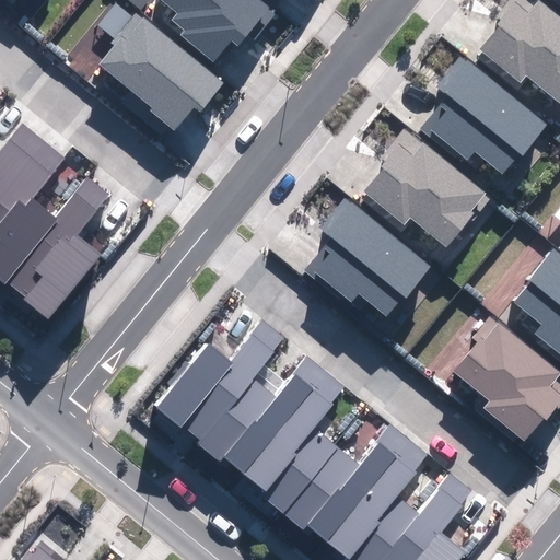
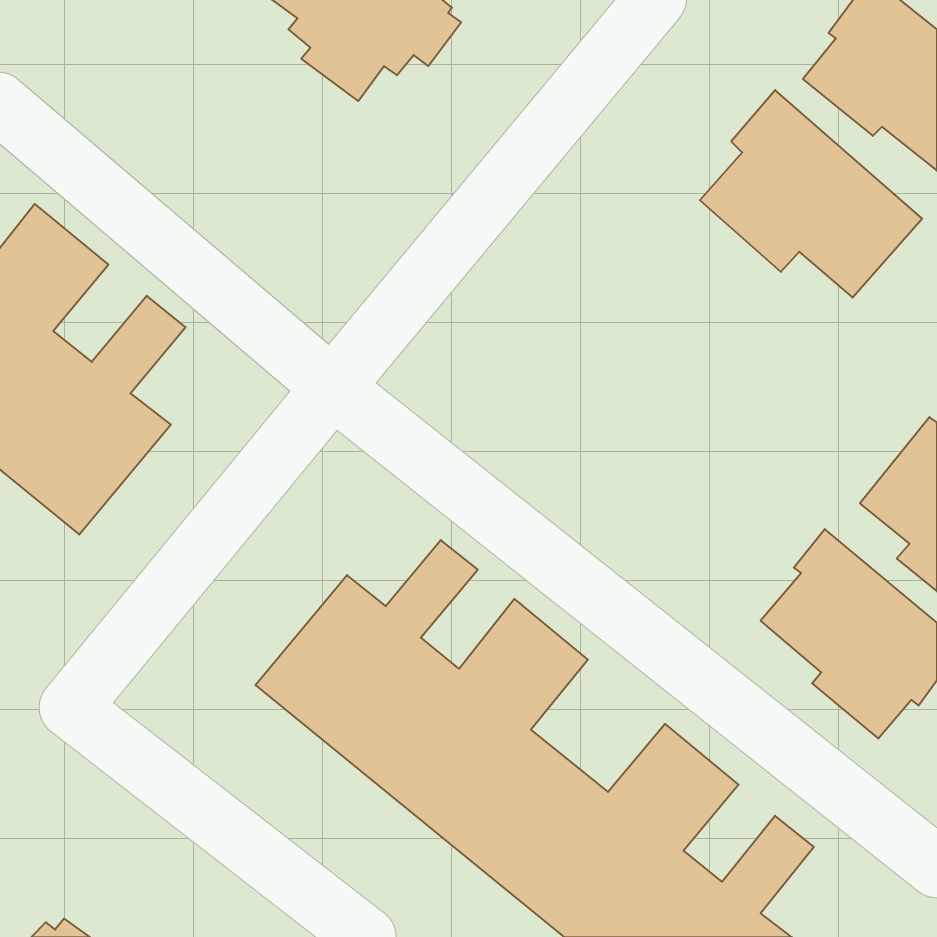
building: [100,12,222,129] -> none
building: [354,138,487,243] -> none
building: [304,197,428,315] -> none

